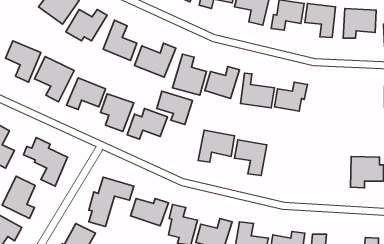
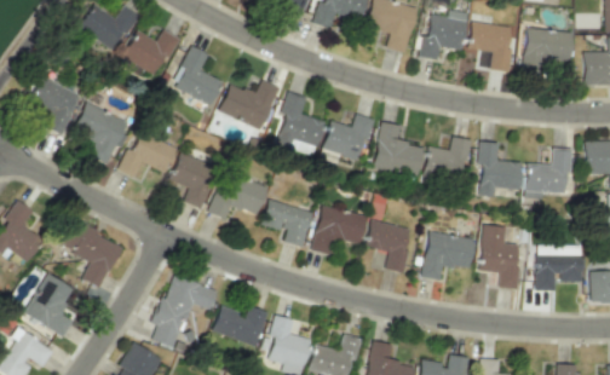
building: none -> [478,142,522,196]
building: none -> [525,148,572,200]
building: [157,91,192,124] -> [261,198,313,247]
building: none -> [479,220,520,288]
building: none -> [422,231,474,279]

